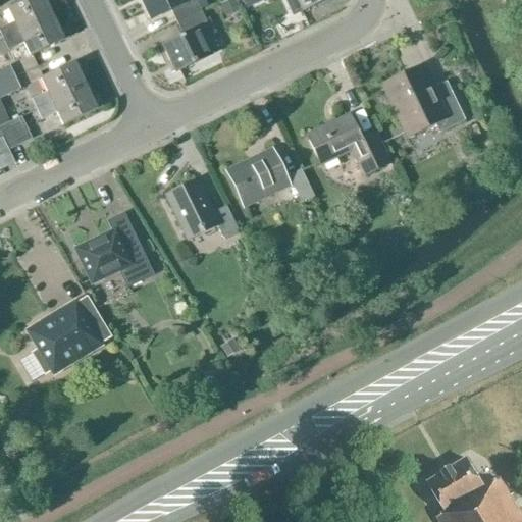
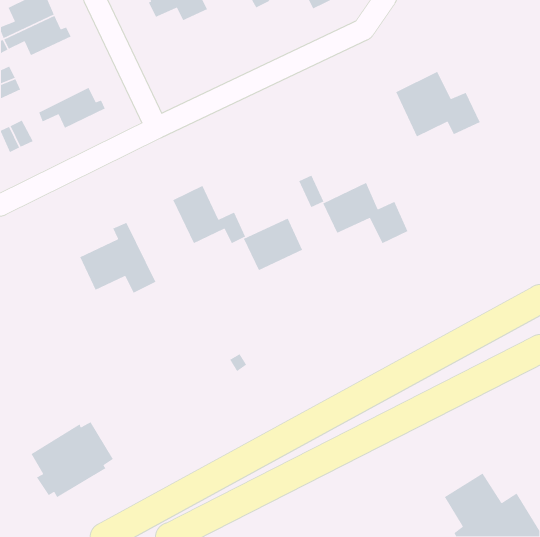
building: [163,9,212,69] -> none
building: [32,58,86,108] -> none
building: [306,113,389,173] -> [322,182,409,244]
building: [228,151,286,203] -> [243,217,303,271]
building: [28,298,108,372] -> [30,421,114,498]

